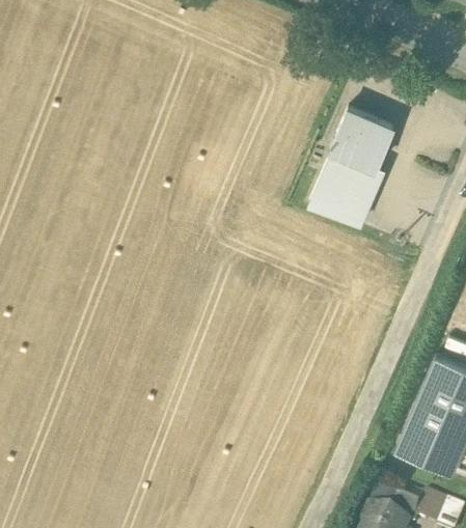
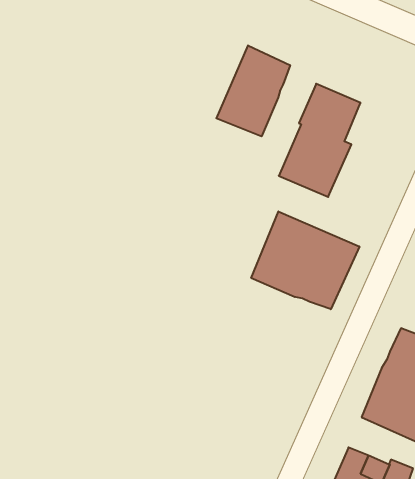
building: none -> [216,45,290,136]
building: none -> [251,211,359,309]

